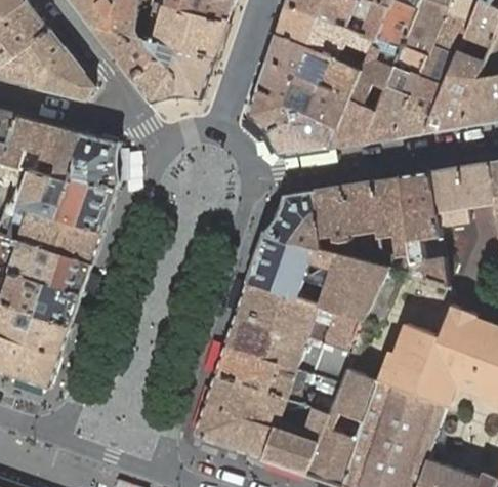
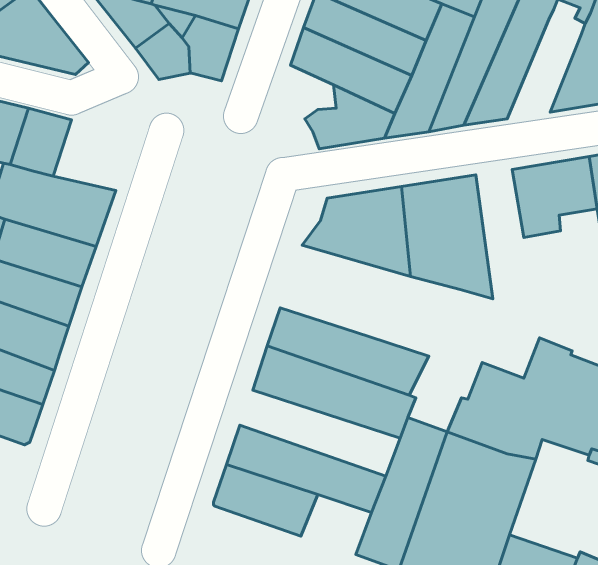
building: [425,54,484,132] -> none
building: [248,90,291,132] -> none
building: [69,133,120,189] -> none
building: [401,172,449,284] -> none
building: [247,232,388,319] -> none
building: [215,346,341,413] -> none
building: [263,428,319,475] -> none

